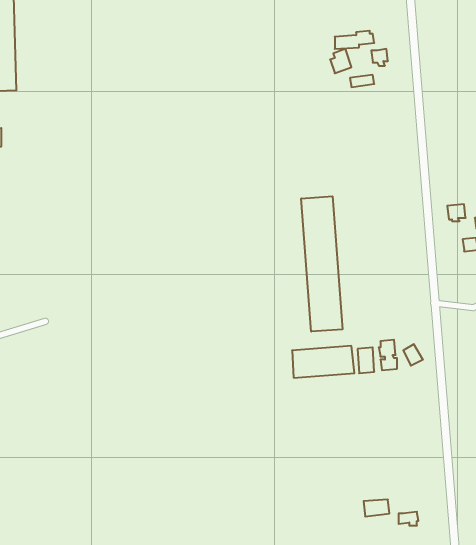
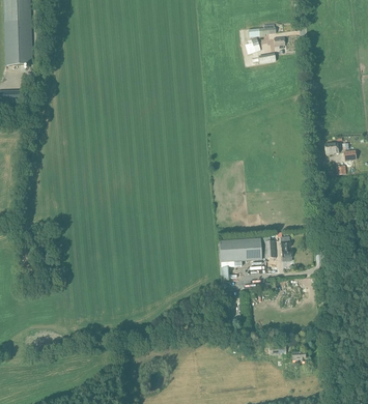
building: [301,196,342,332] -> none

